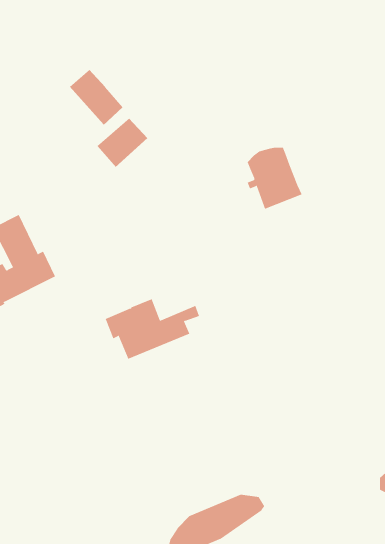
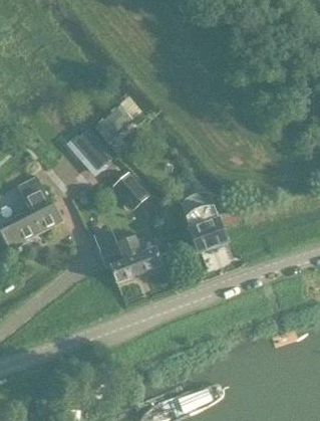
building: [69,69,123,126] -> [72,129,112,171]
building: [247,147,302,210] -> [185,206,226,252]
building: none -> [111,172,148,210]

